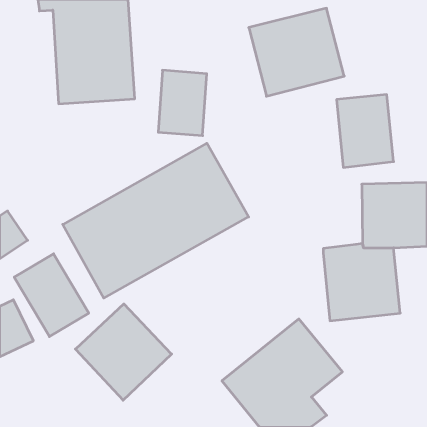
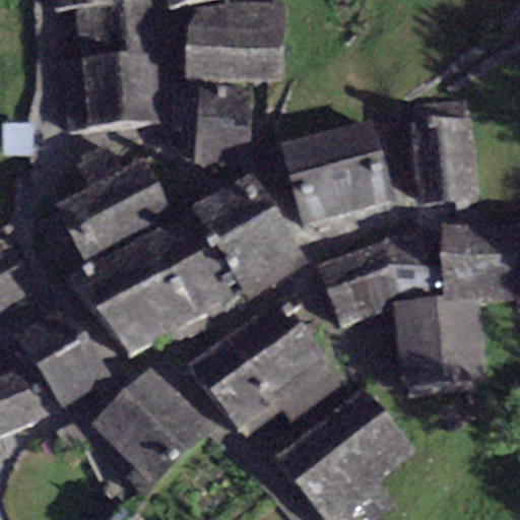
building: none -> [189,5,281,78]
building: [249,8,344,96] -> [278,120,394,226]
building: none -> [54,159,172,259]
building: none -> [311,235,432,327]
building: none -> [206,320,343,440]

